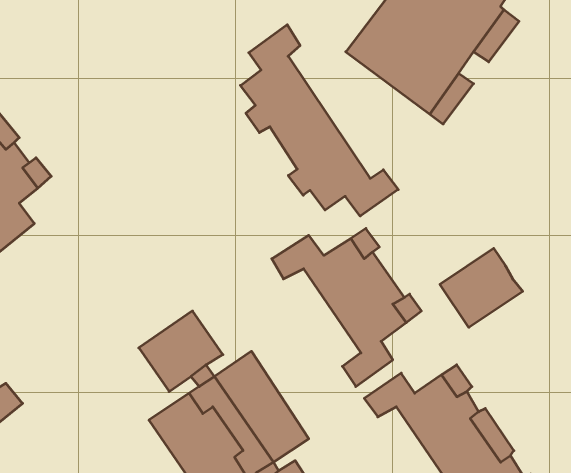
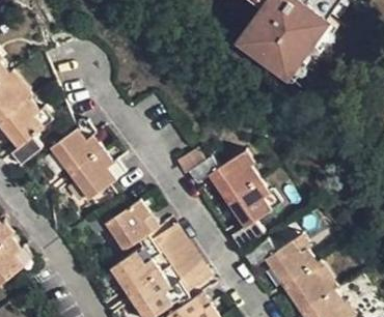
building: [240,25,398,216] -> none
building: none -> [51,122,126,201]
building: [440,248,523,327] -> none

